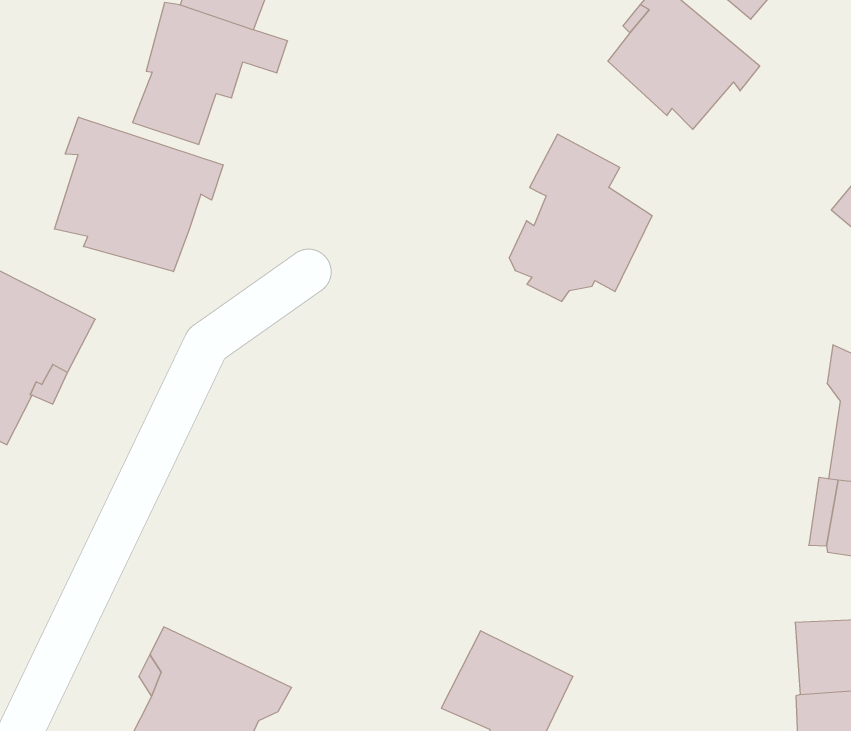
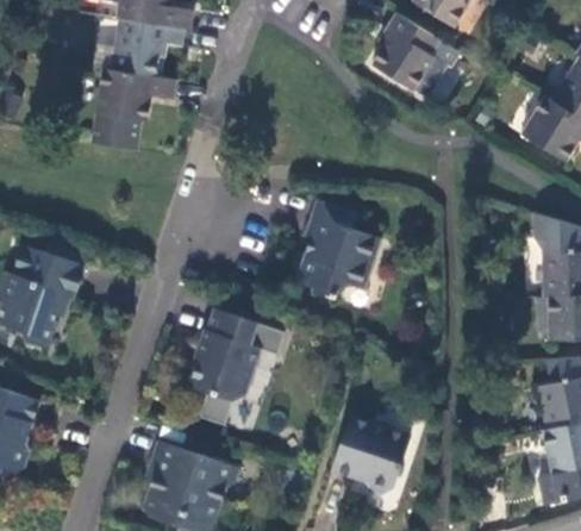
building: [54,117,223,272] -> none
building: [509,134,652,301] -> [295,201,377,301]
building: none -> [189,311,286,426]

